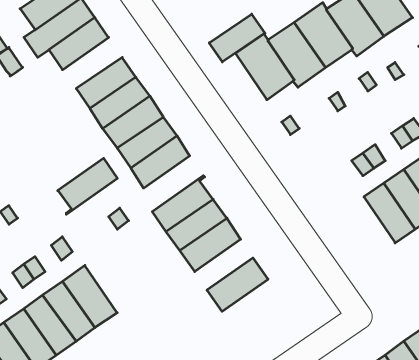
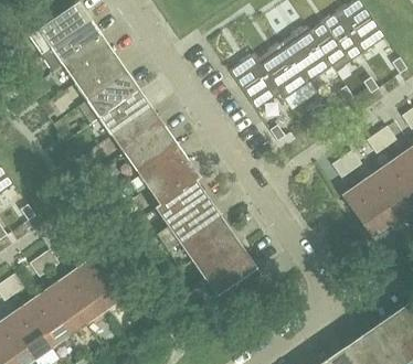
building: [209,14,265,62] -> none
building: none -> [75,54,128,99]
building: [58,158,117,214] -> [147,159,200,208]
building: none -> [192,233,244,278]

